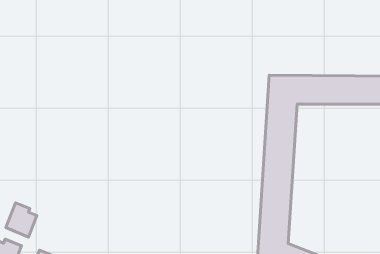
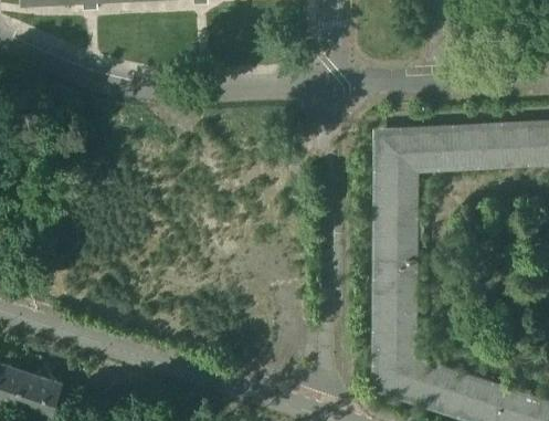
building: [6,203,37,237] -> none

